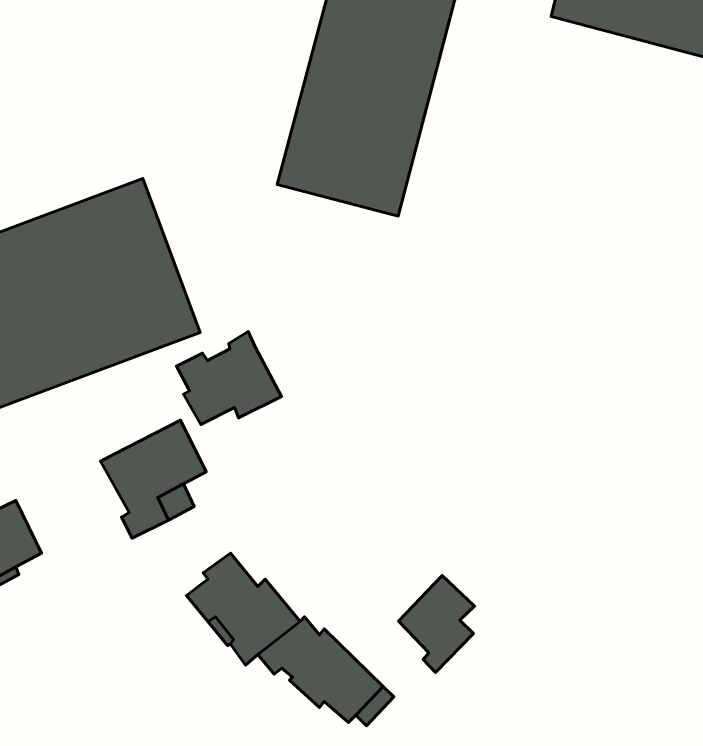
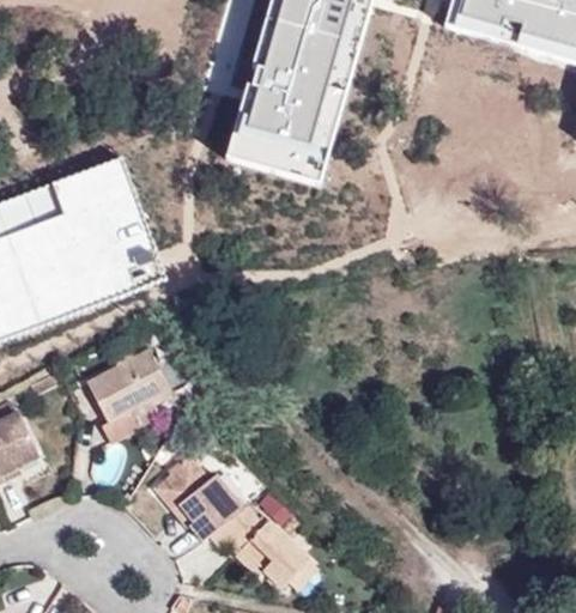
building: [176,332,281,424] -> none
building: [398,576,474,672] -> none

